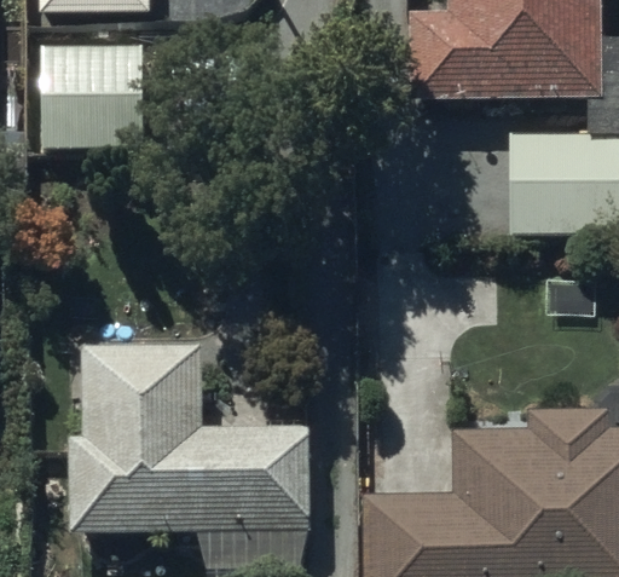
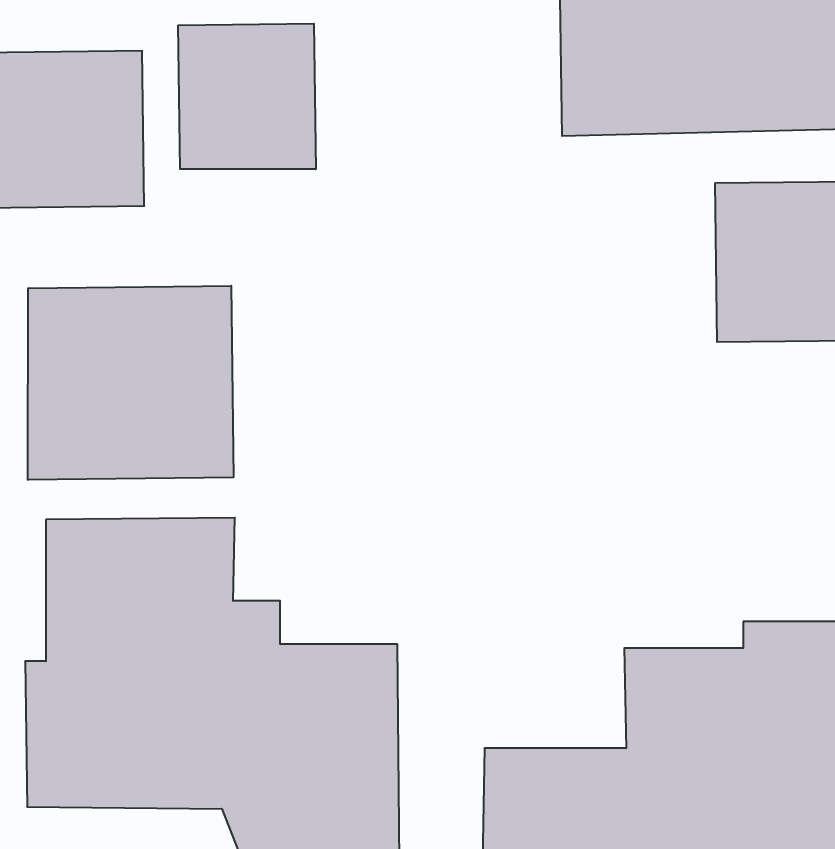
building: none -> [178,24,316,169]
building: none -> [28,286,233,480]

